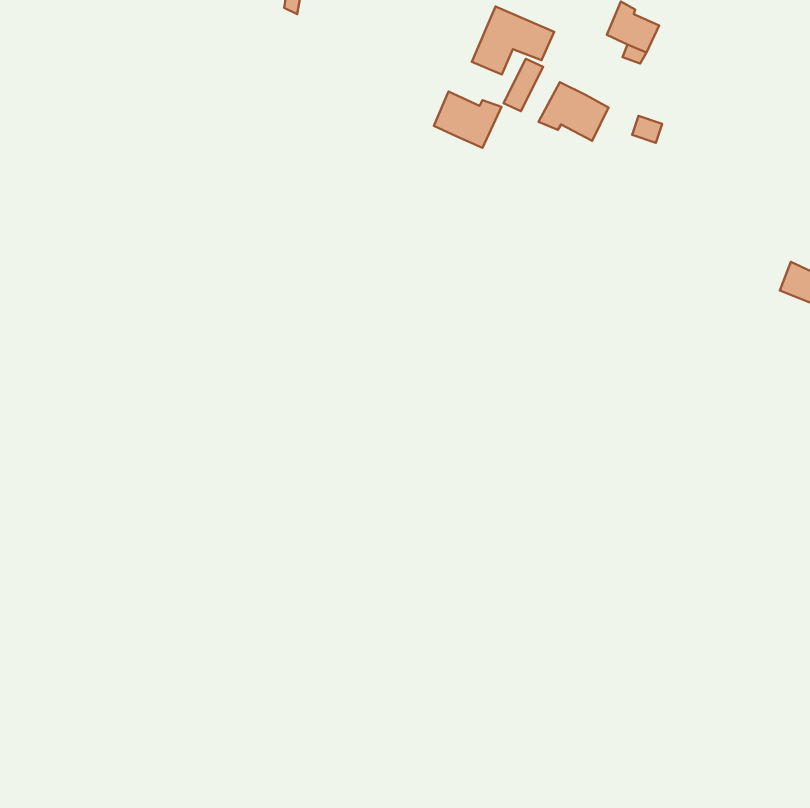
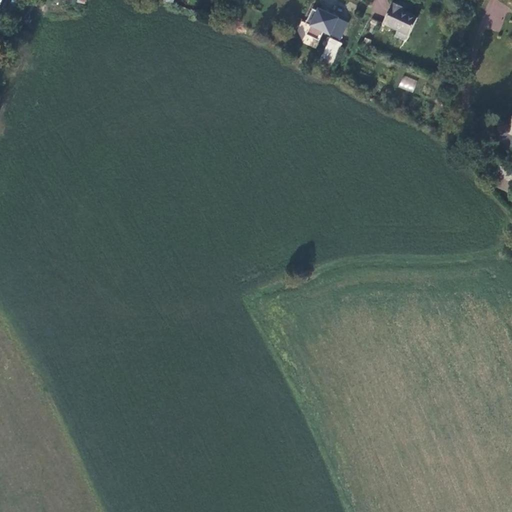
building: [539,82,608,141] -> none
building: [434,92,501,148] -> none

